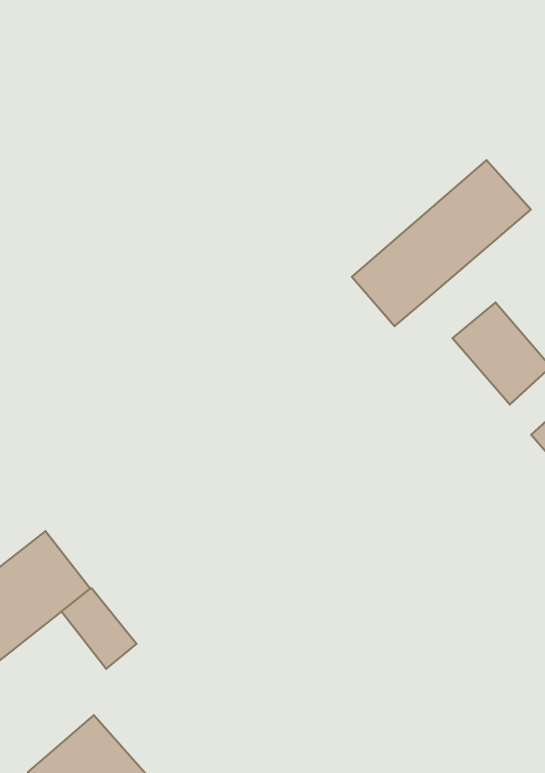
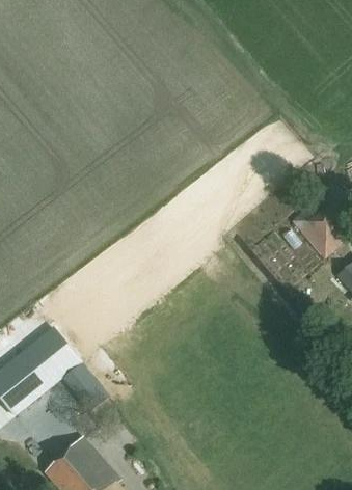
building: [352,160,531,326] -> none

